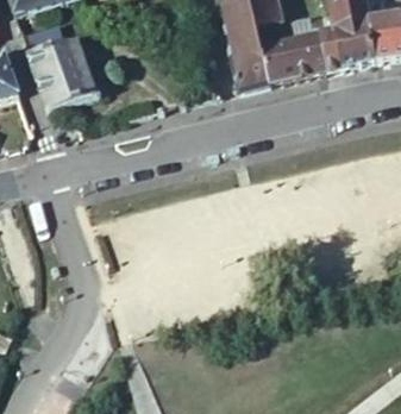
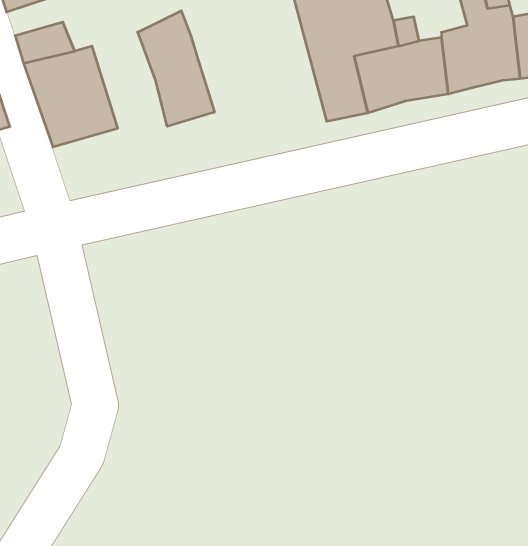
building: none -> [138,11,214,126]

